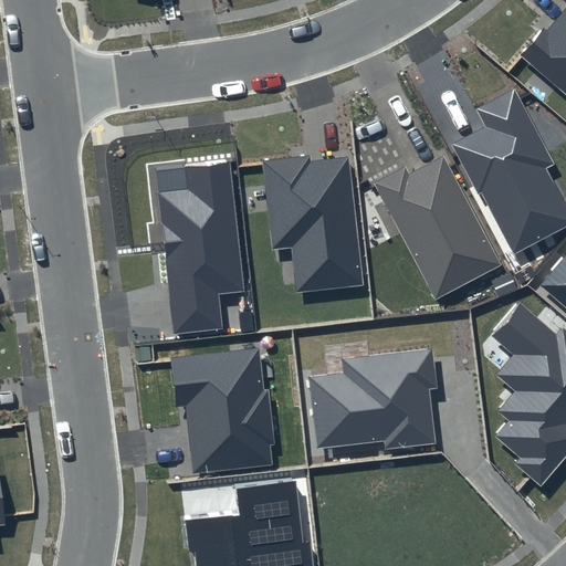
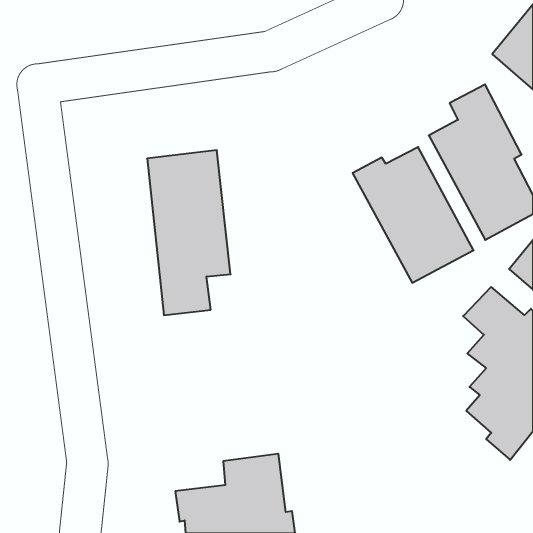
building: [262,155,363,293] -> none
building: [170,347,273,473] -> none
building: [308,348,438,450] -> none

